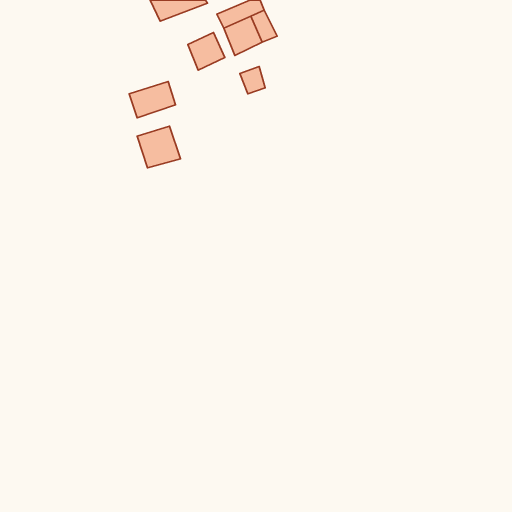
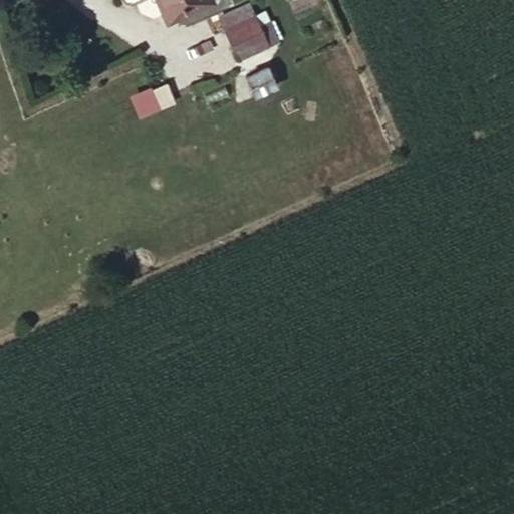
building: [188,32,225,70] -> none
building: [137,126,181,168] -> none

